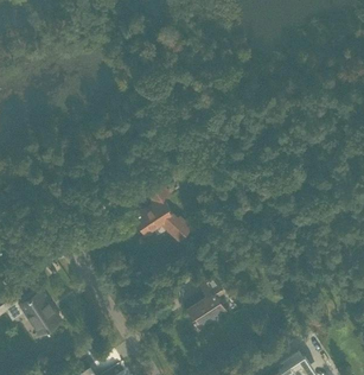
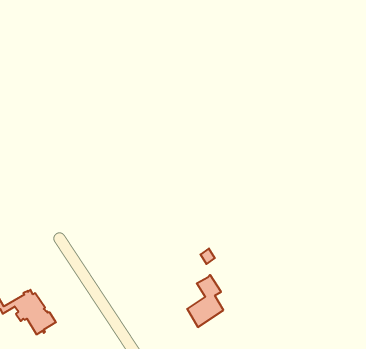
building: [134,184,190,242] -> none

